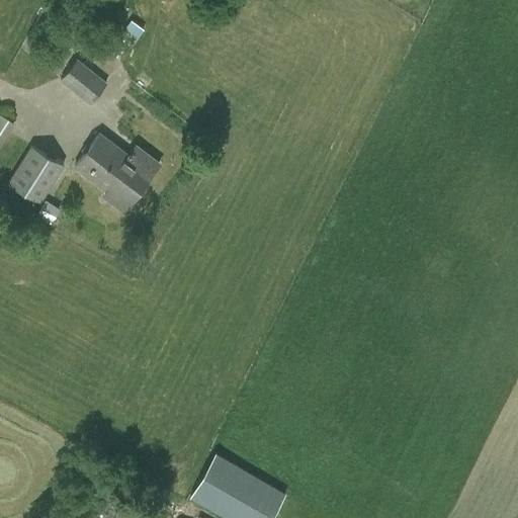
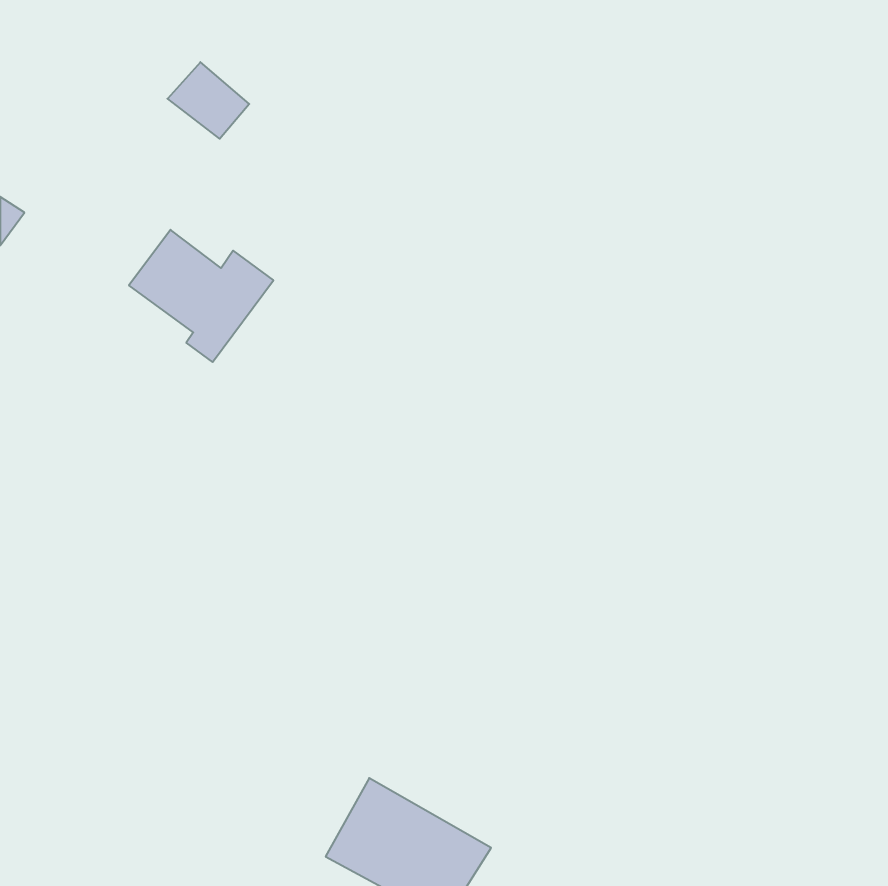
building: [60,61,107,105] -> [167,62,249,139]
building: [8,147,65,204] -> none

